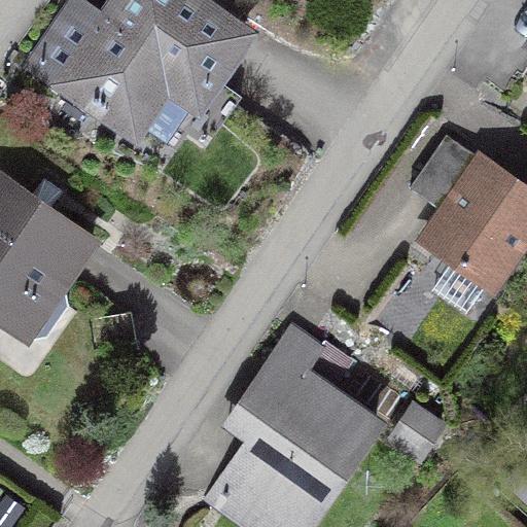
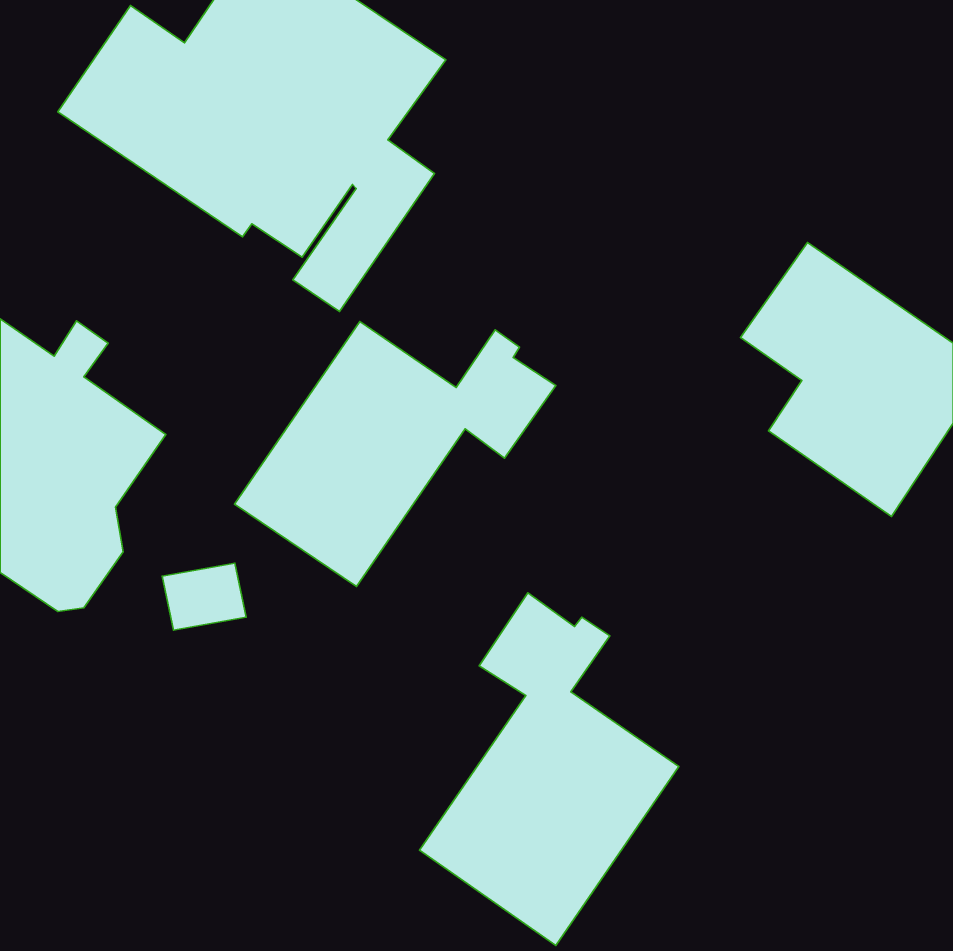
building: none -> [234,322,556,587]

